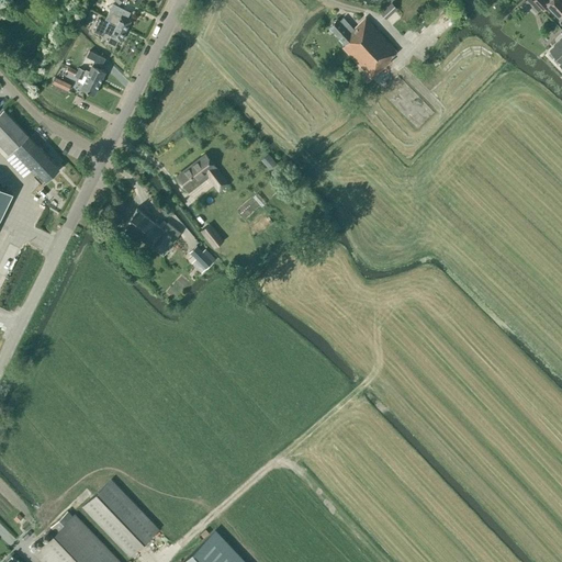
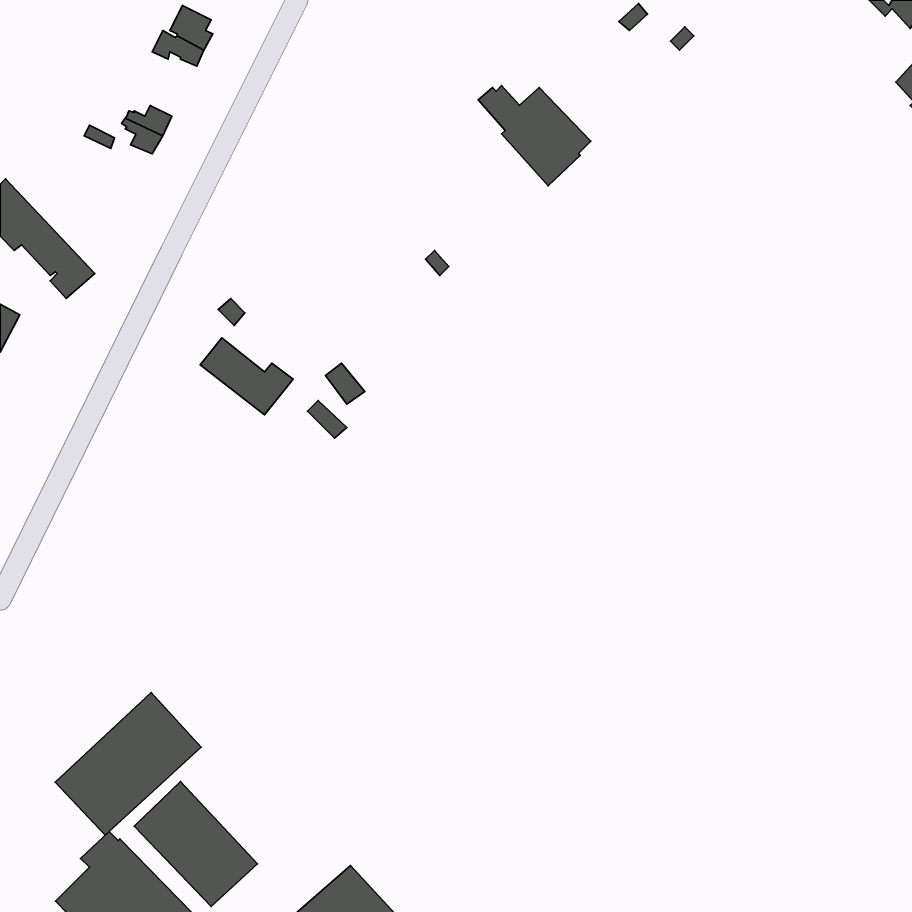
building: [329,19,398,80] -> [478,86,591,186]
building: [178,155,229,192] -> none
building: none -> [55,692,201,835]

